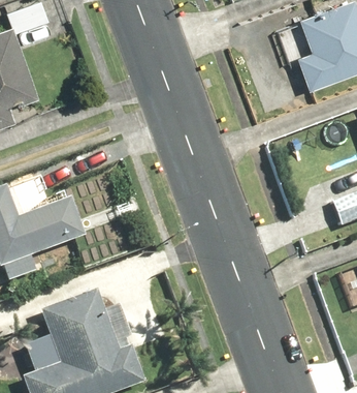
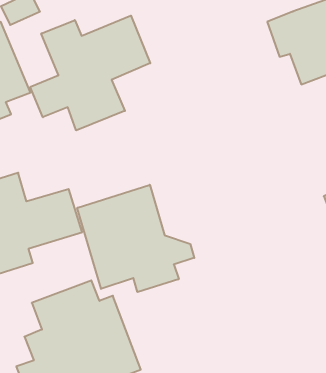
building: none -> [30,16,150,130]
building: none -> [77,185,194,292]

